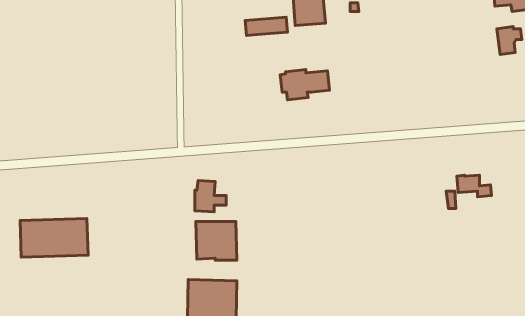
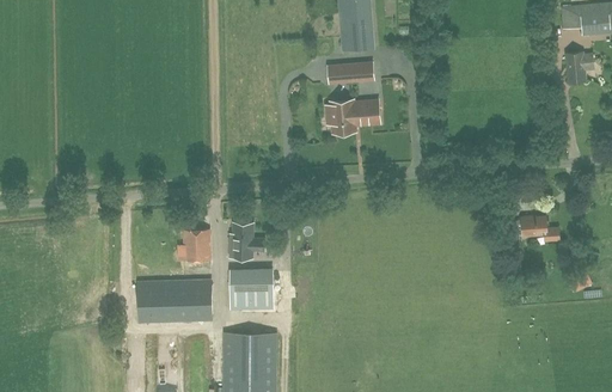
building: [245,17,287,36] -> [326,62,373,82]
building: none -> [183,228,209,261]
building: [20,218,88,257] -> [136,280,212,323]

